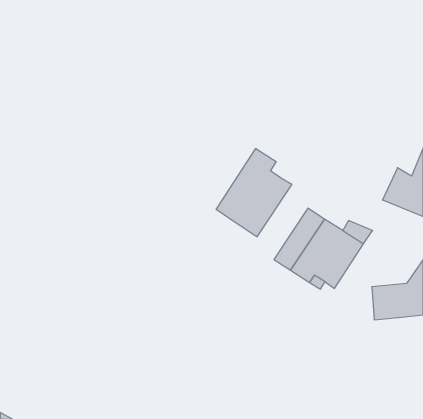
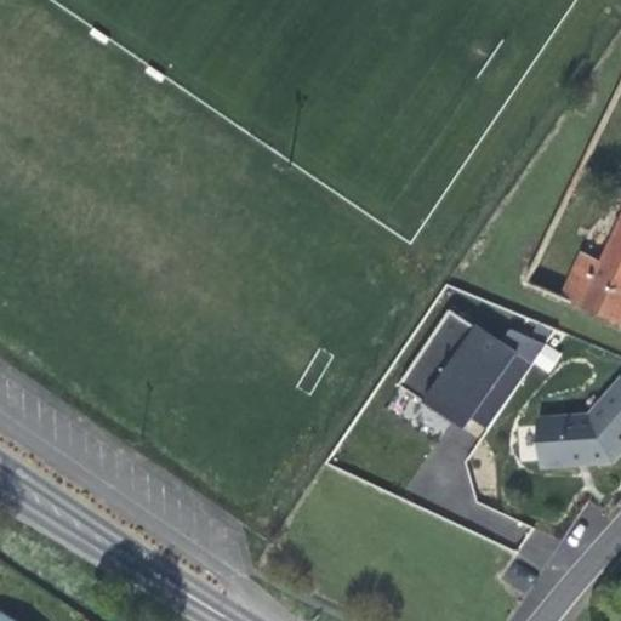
building: [216,148,292,237] -> none

